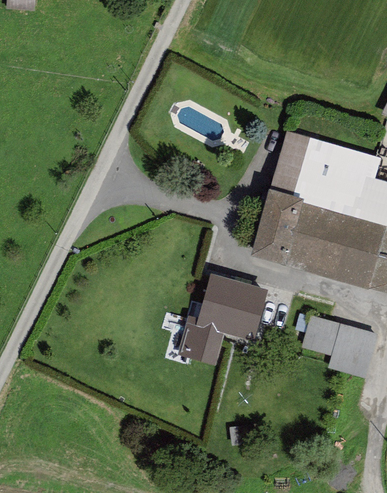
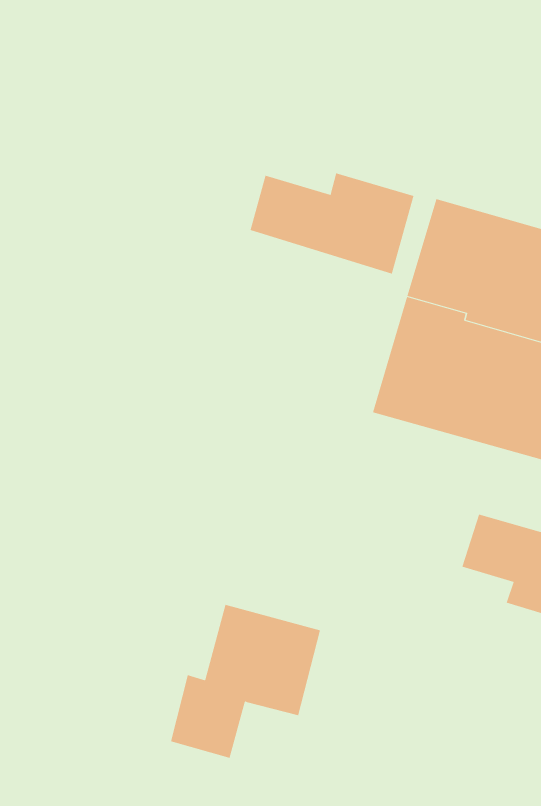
building: none -> [250,172,414,274]
building: [180,273,268,363] -> [170,604,321,759]

